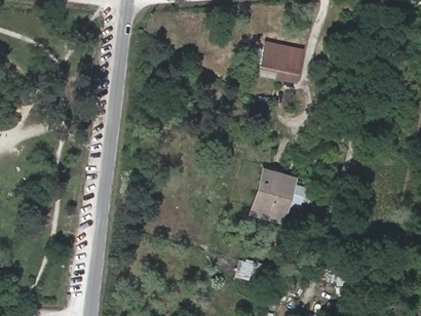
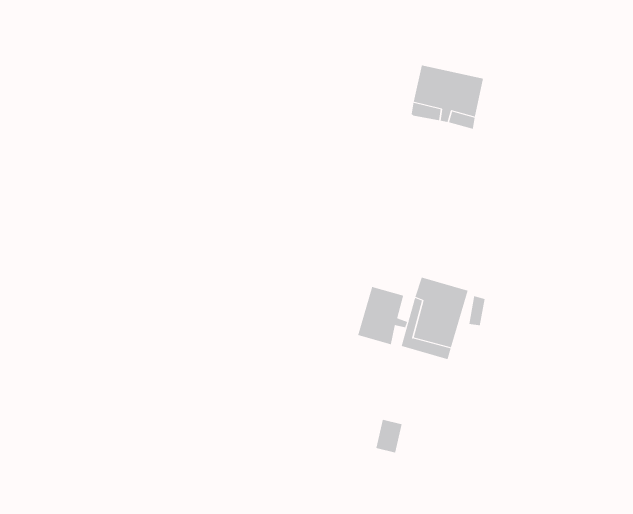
building: none -> [358,286,408,345]

